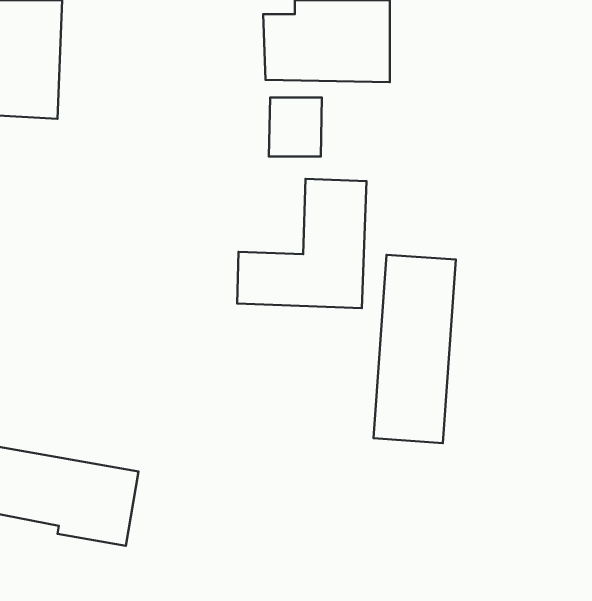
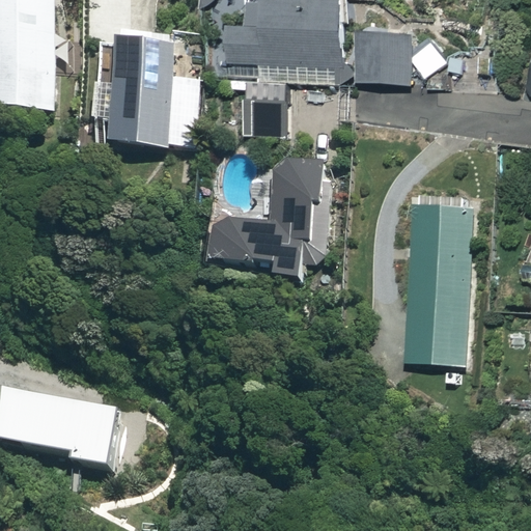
building: none -> [357,24,414,81]
building: none -> [109,28,185,146]
building: [374,255,456,443] -> [402,193,475,359]

